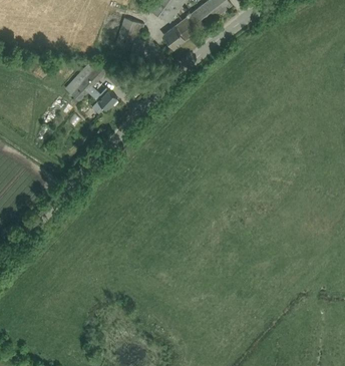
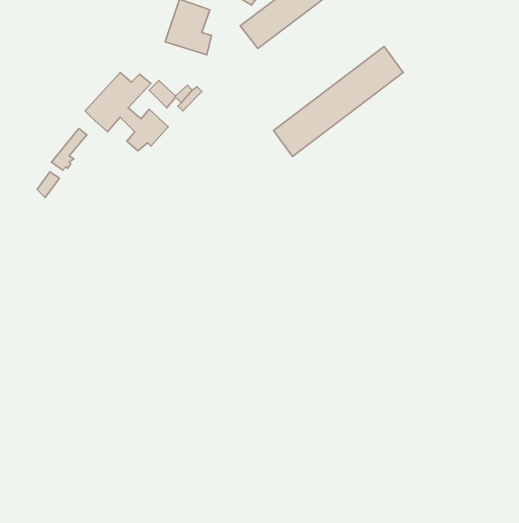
building: none -> [273,47,403,157]

